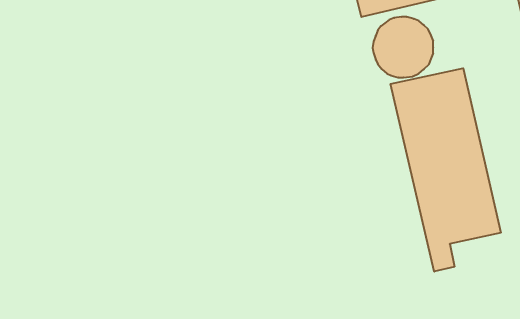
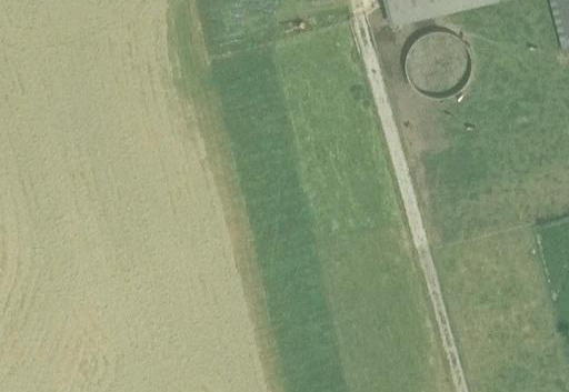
building: [391,68,501,272] -> none

